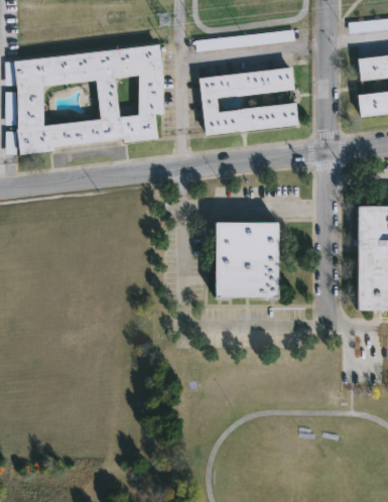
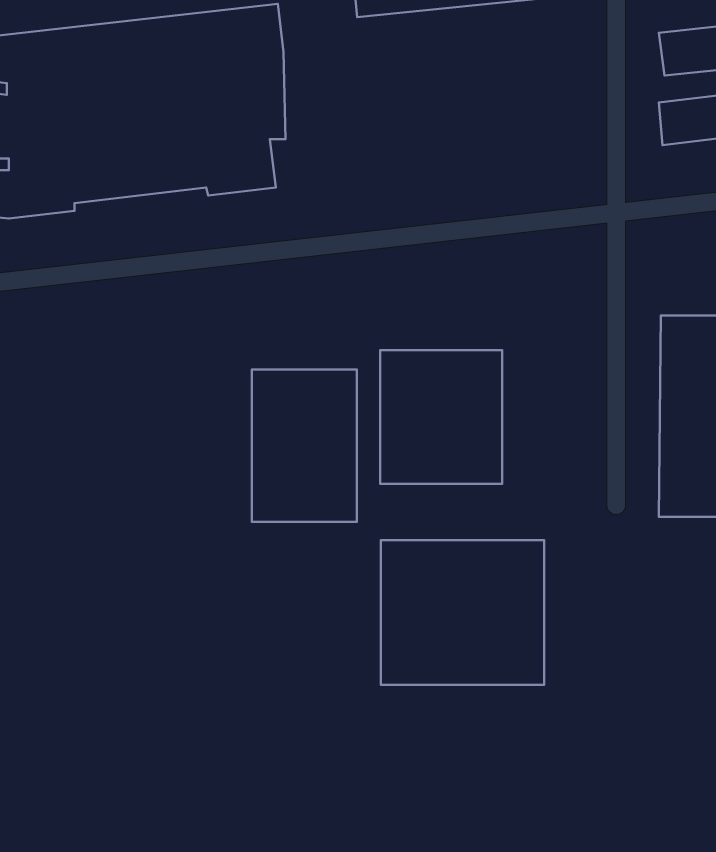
building: [199,67,299,135] -> none
building: none -> [252,370,357,522]
building: none -> [381,540,544,685]

